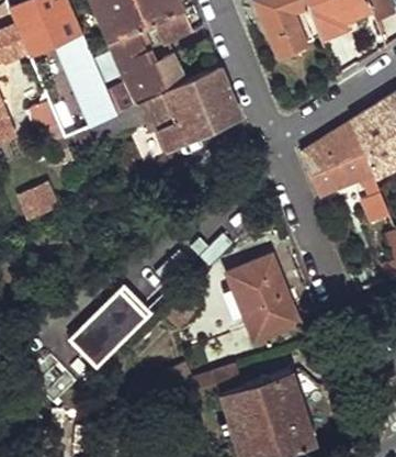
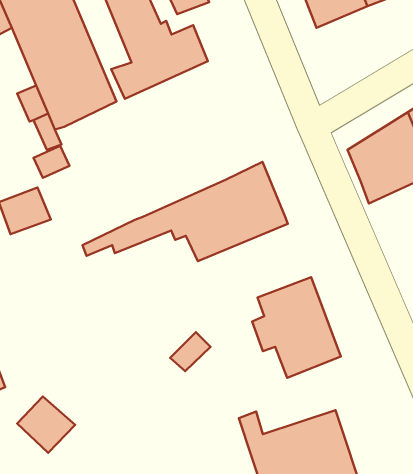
building: [71,67,239,148] -> [82,162,288,261]
building: [70,288,149,366] -> none

